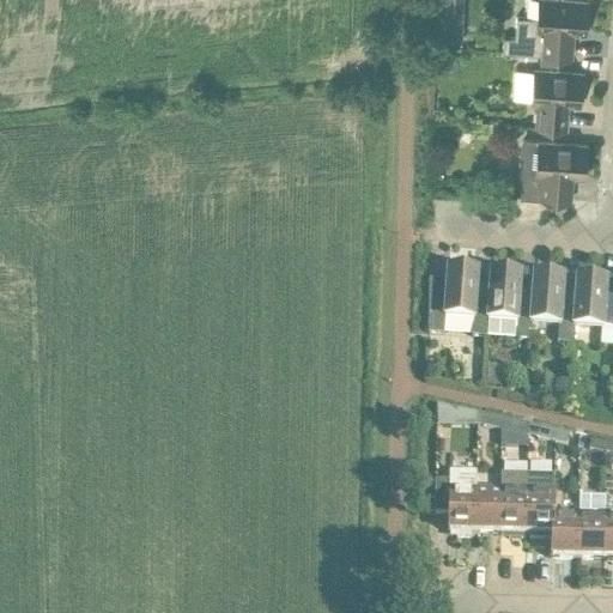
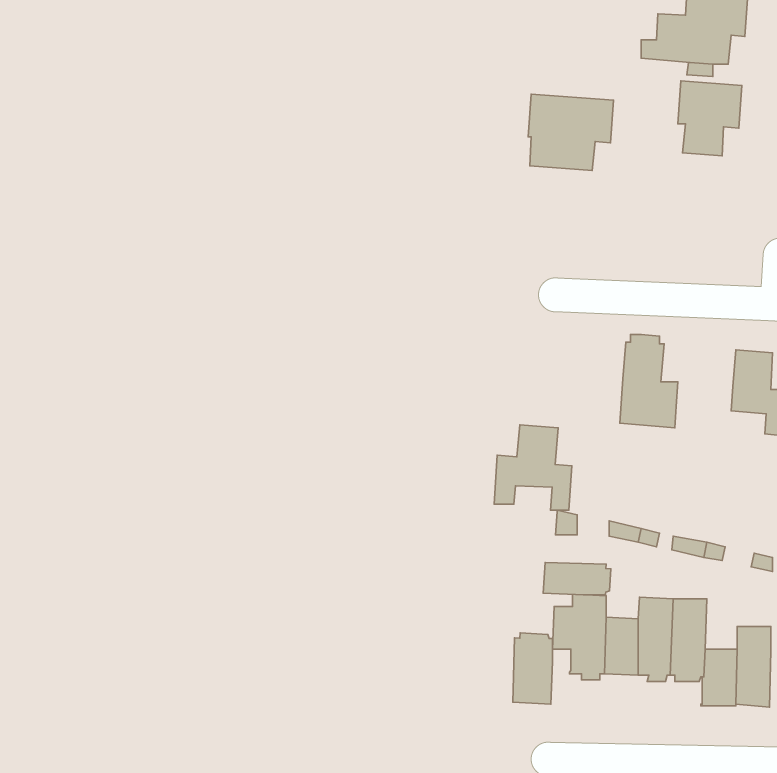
building: [522,134,589,194] -> [528,94,614,170]
building: [430,265,491,332] -> [494,425,572,510]
building: [533,265,577,339] -> none
building: none -> [543,563,611,595]
building: none -> [513,633,553,704]

